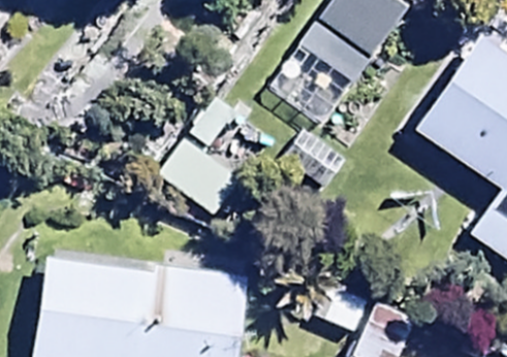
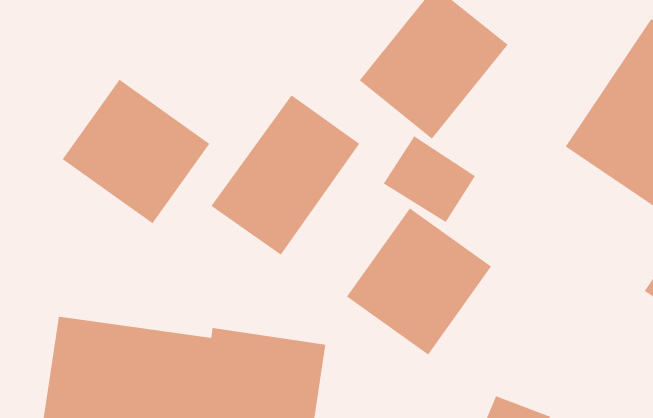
building: none -> [62,79,210,224]
building: none -> [346,207,492,355]

